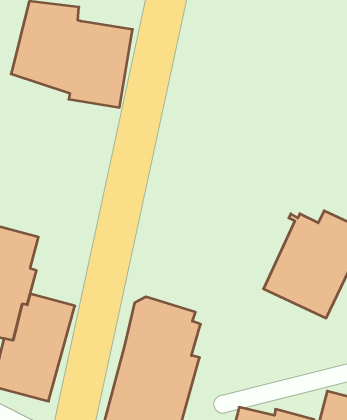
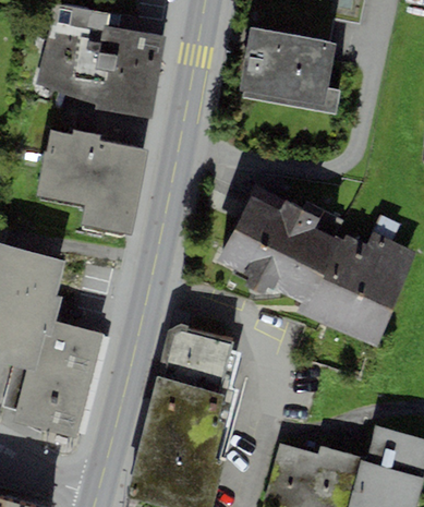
building: none -> [238,26,341,114]
building: none -> [37,129,148,232]
building: none -> [217,196,340,315]

